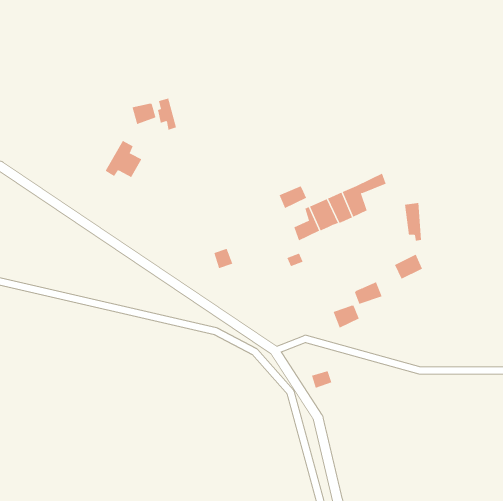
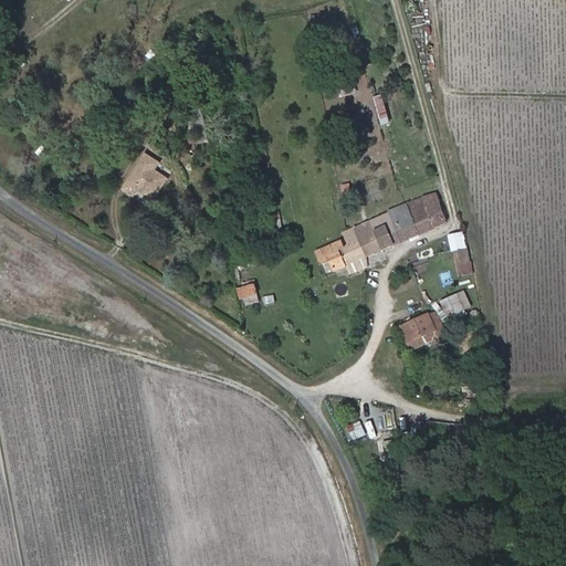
building: [132,103,156,125] -> none
building: none -> [407,206,441,235]
building: [279,185,307,209] -> none
building: [333,304,360,328] -> none

